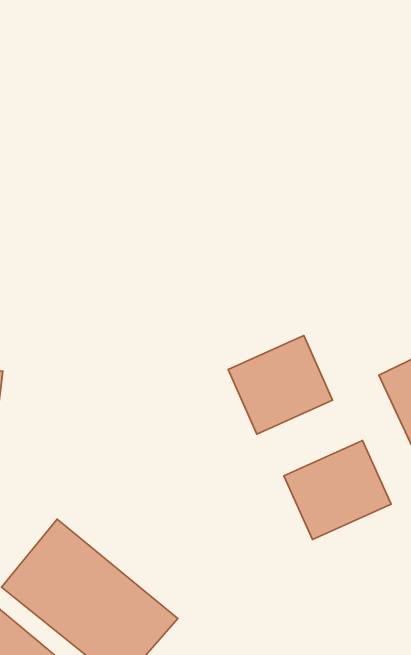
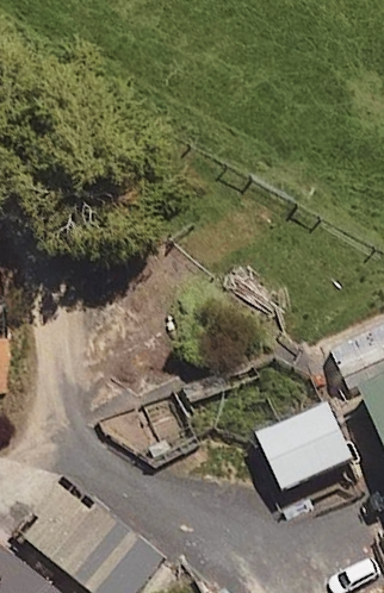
building: [228,336,333,434] -> none

